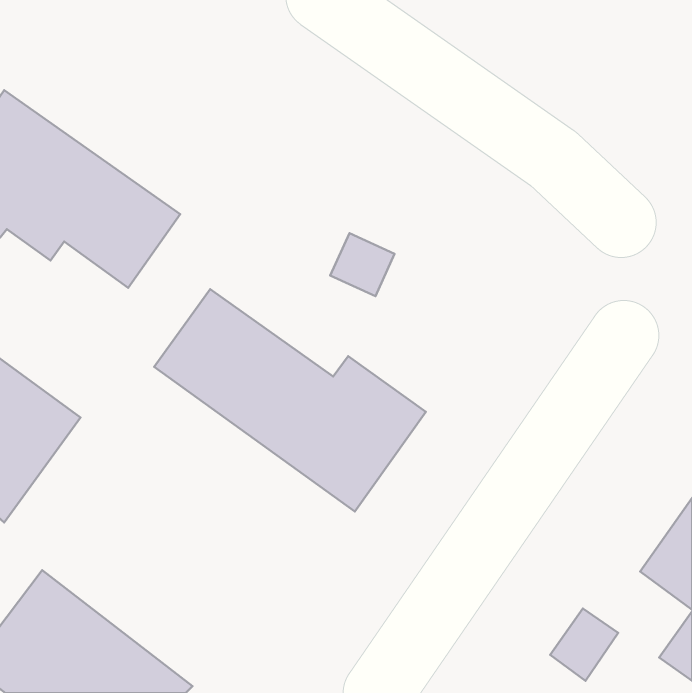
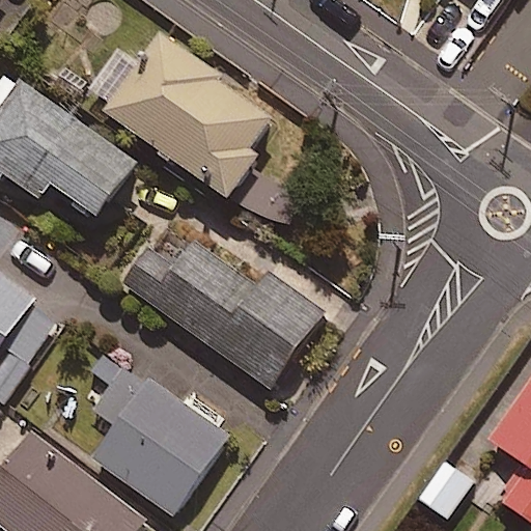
building: none -> [105,37,273,198]
building: none -> [93,364,228,515]

